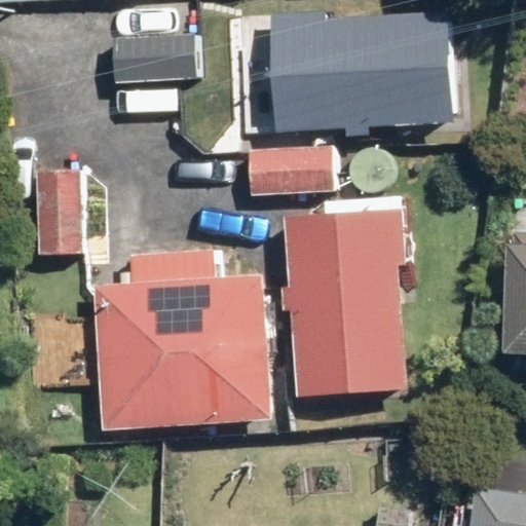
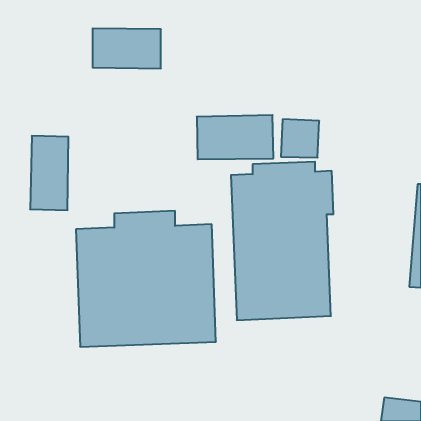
building: [274,11,453,130] -> none

